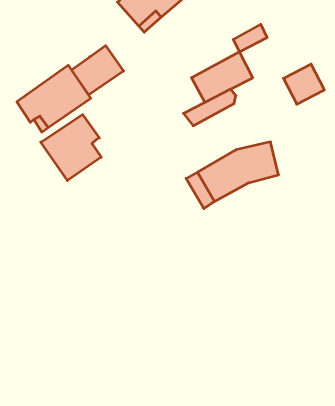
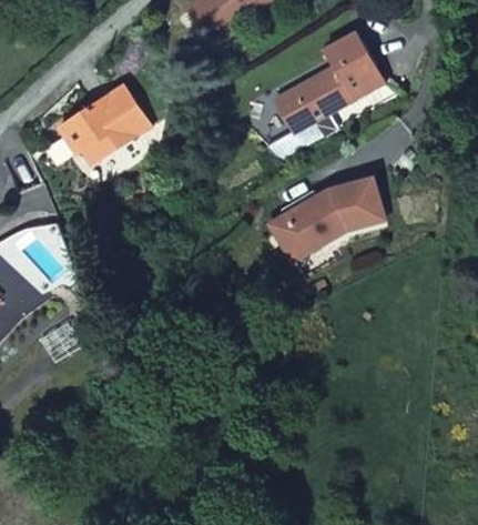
building: [72,46,124,95] -> none
building: [283,64,324,104] -> [334,48,385,98]
building: [41,115,101,181] -> none

